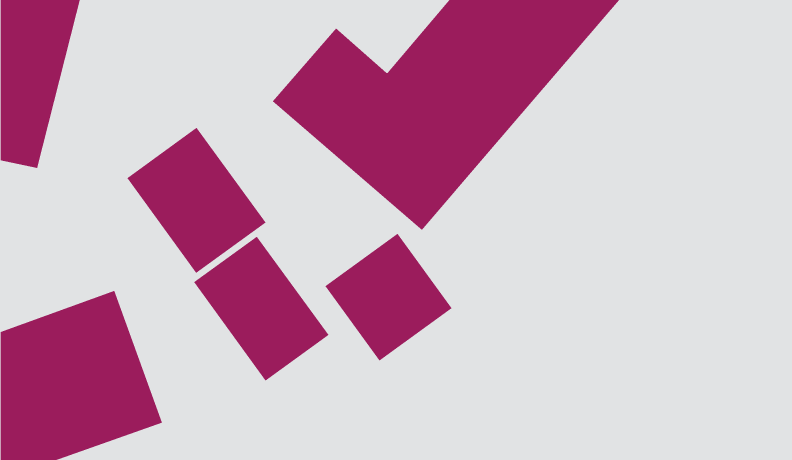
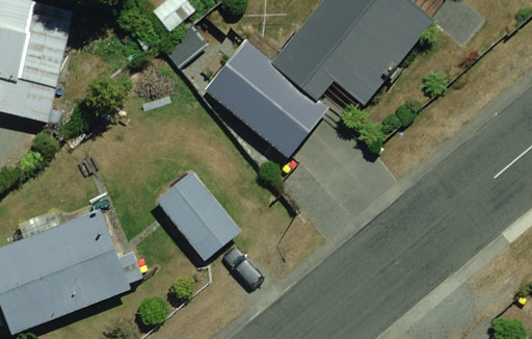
building: [127,127,266,274] -> none
building: [324,233,453,362] -> none

